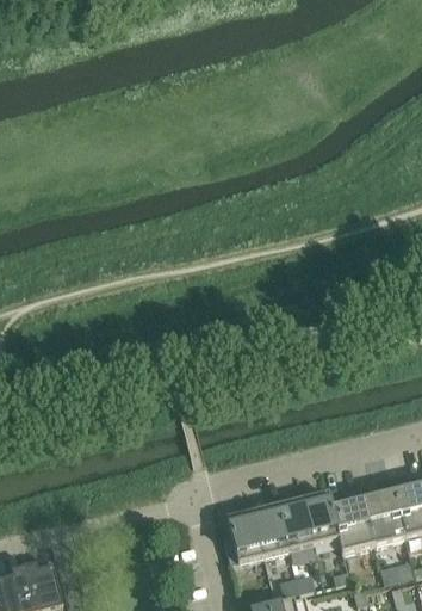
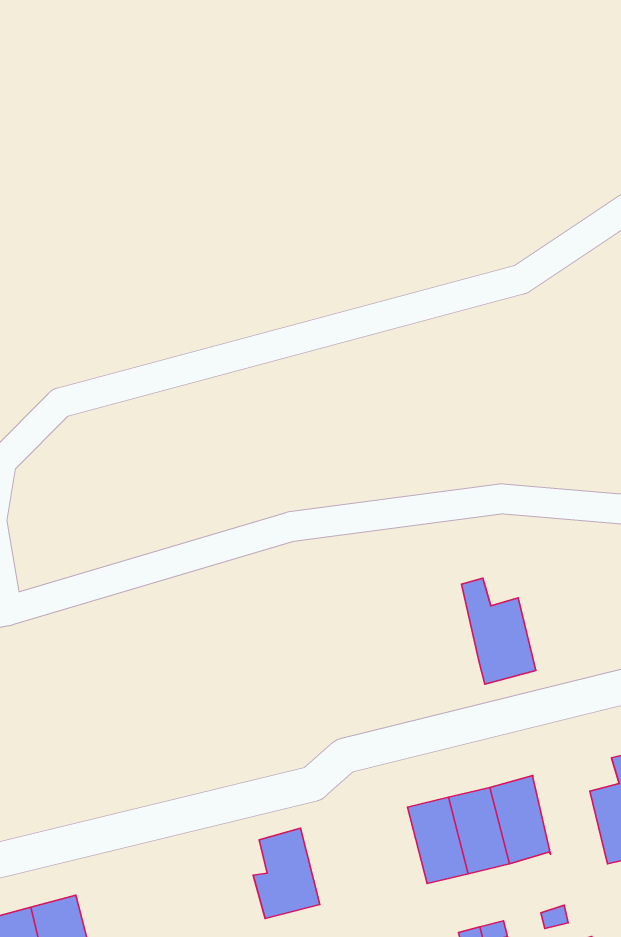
building: [328,488,373,553] -> [461,578,536,684]
building: [223,510,263,564] -> [253,828,320,918]

